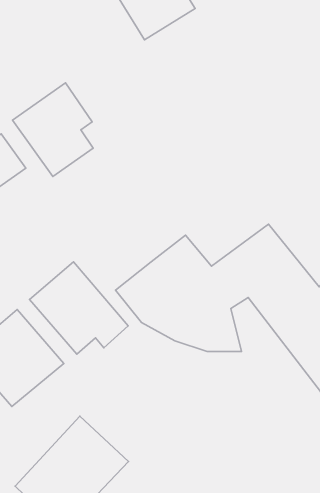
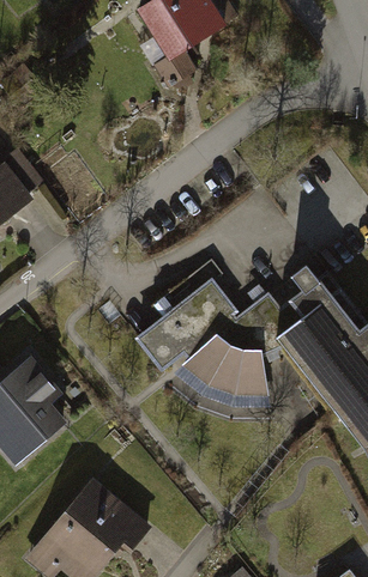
building: [13,83,93,177] -> none
building: [30,262,128,354] -> none

